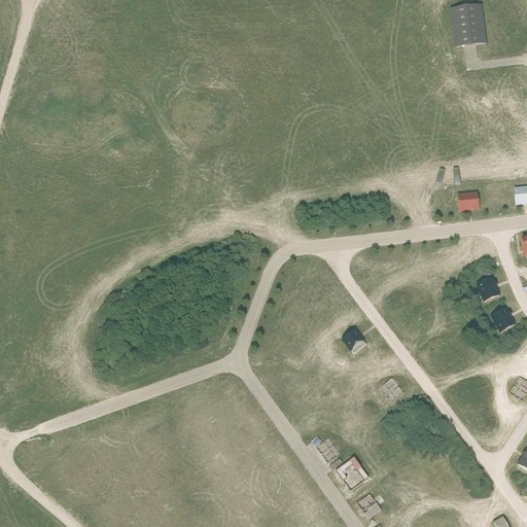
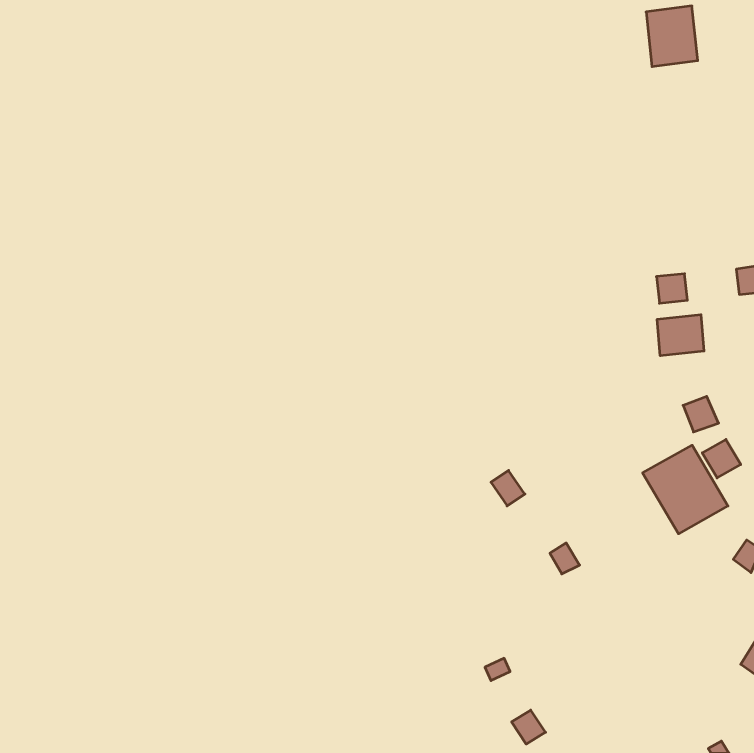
building: none -> [657,315,704,356]
building: none -> [643,445,728,534]

